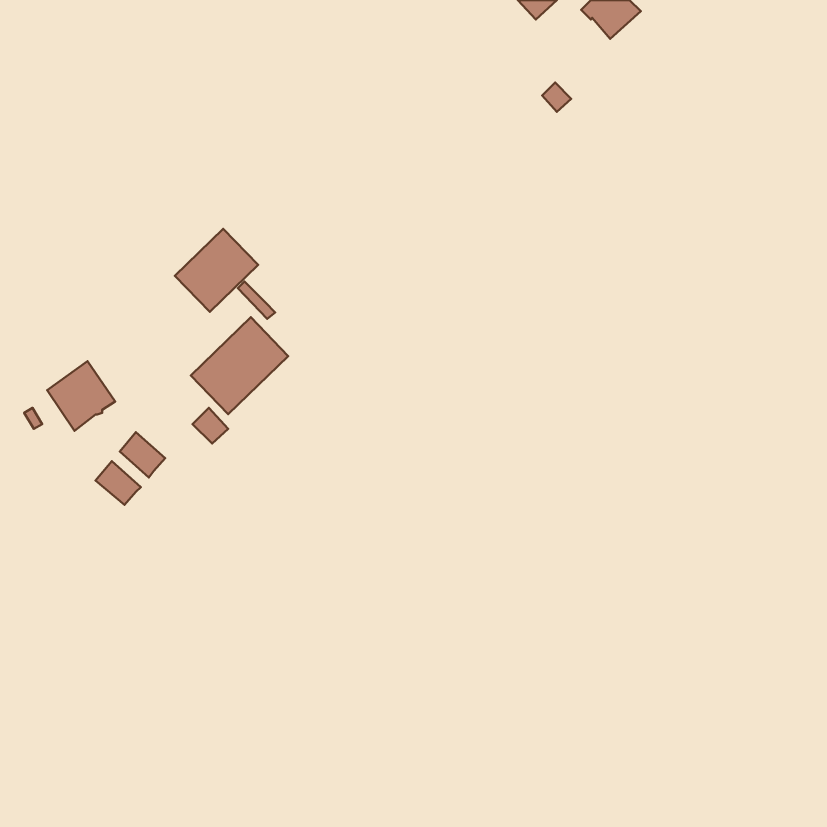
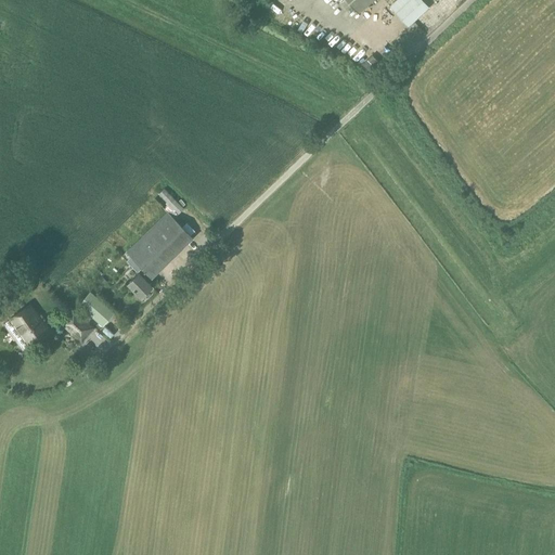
building: [175,229,258,312] -> none
building: [47,361,115,431] -> [5,304,51,350]

